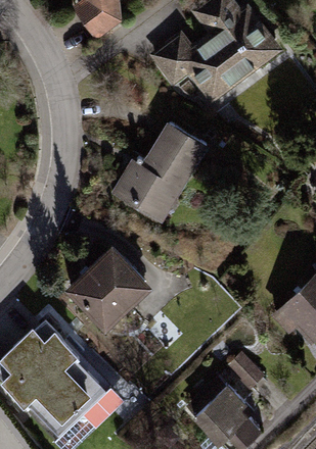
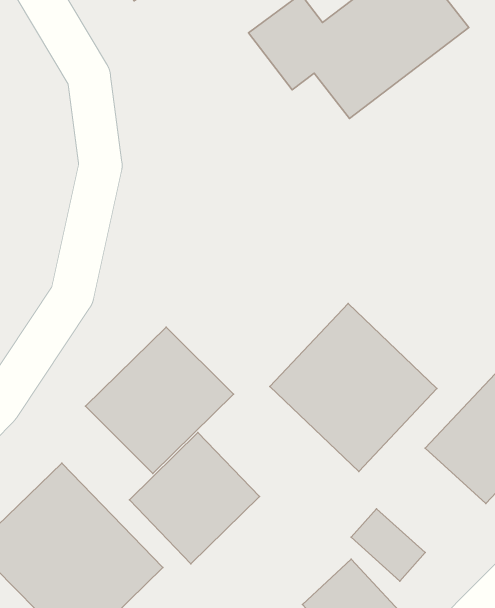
building: [106,120,211,228] -> none
building: none -> [270,303,437,471]
building: none -> [129,433,259,564]

